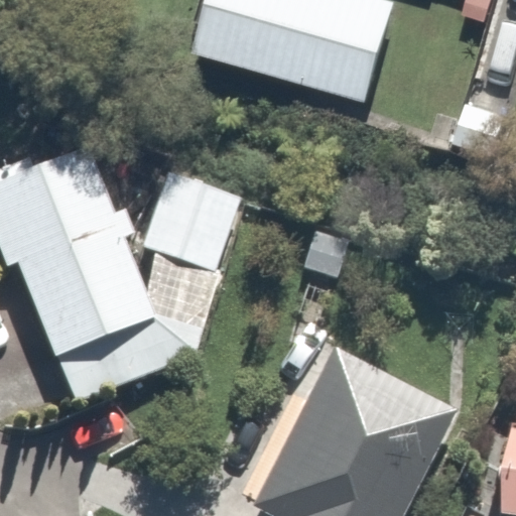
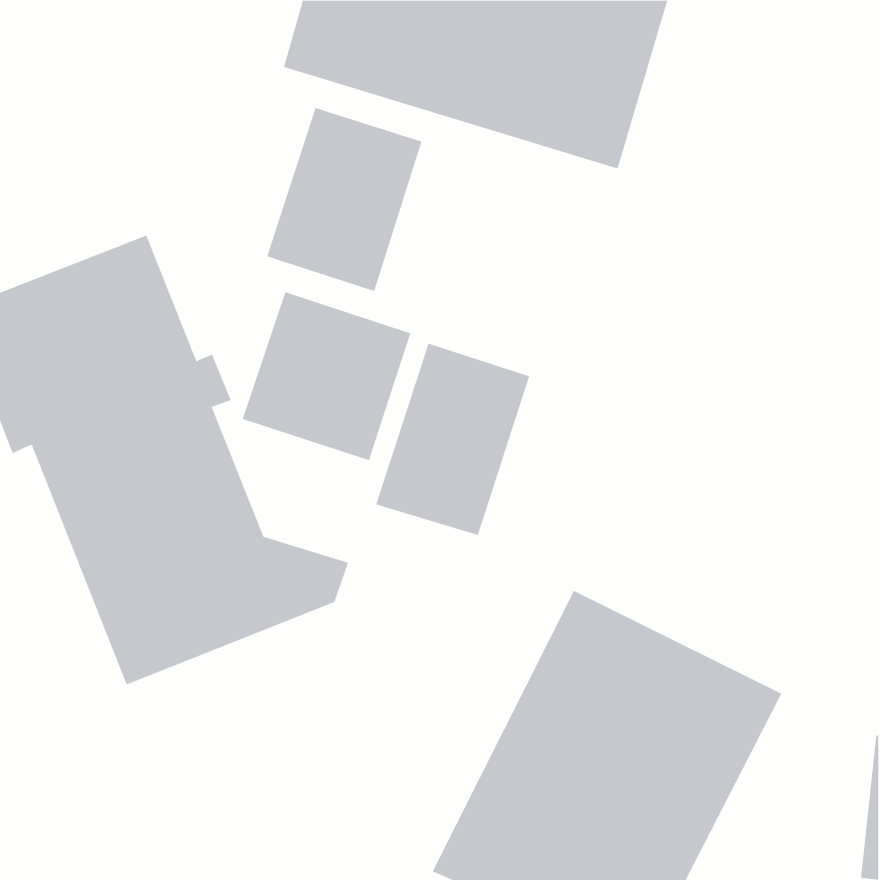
building: none -> [266,107,422,292]
building: none -> [376,343,530,536]

